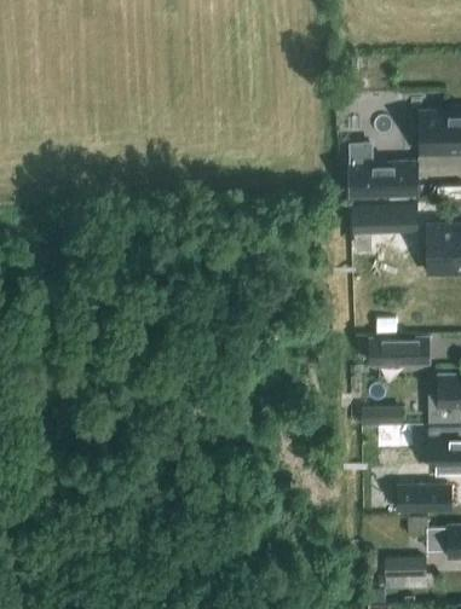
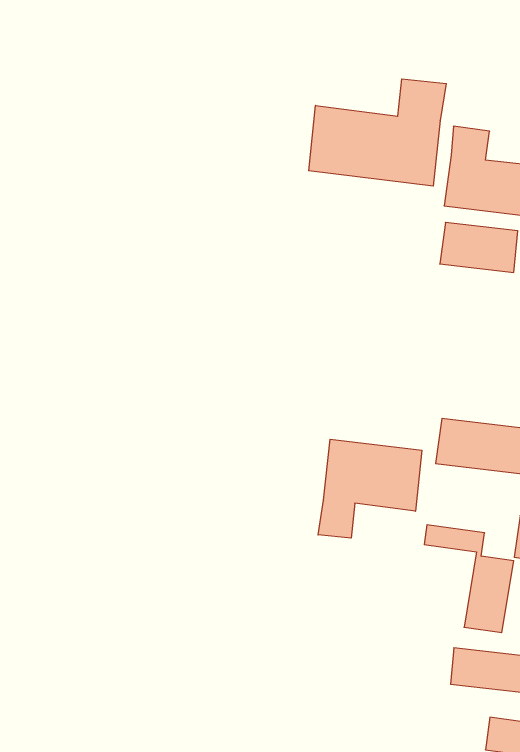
building: none -> [309,79,446,186]
building: none -> [318,439,422,538]

